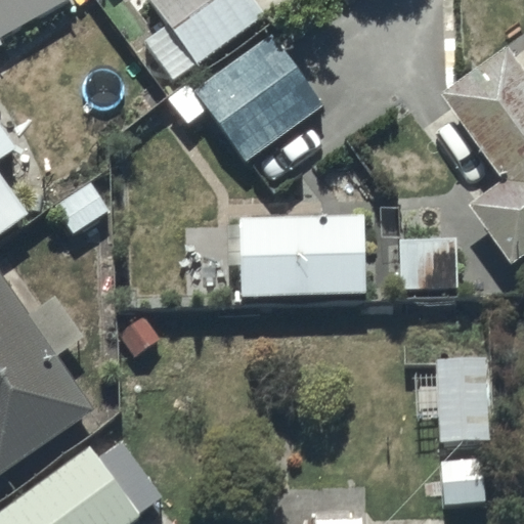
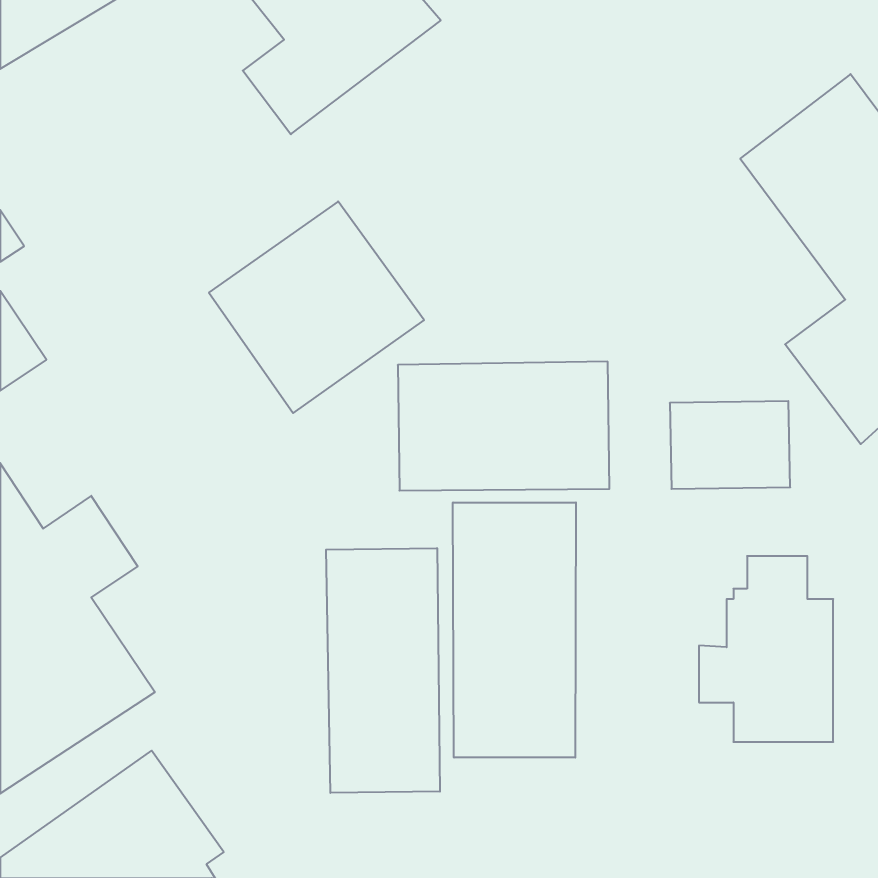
building: [193,36,321,162] -> [209,201,424,413]
building: none -> [453,502,576,758]
building: none -> [326,548,440,793]

